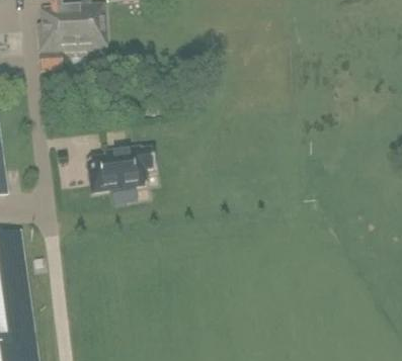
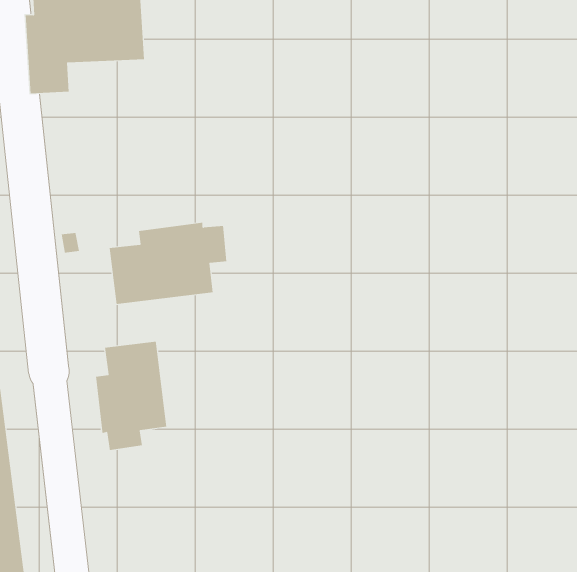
building: none -> [96,341,167,451]

